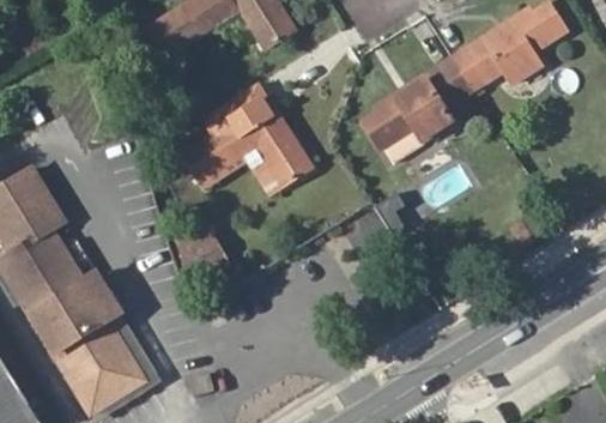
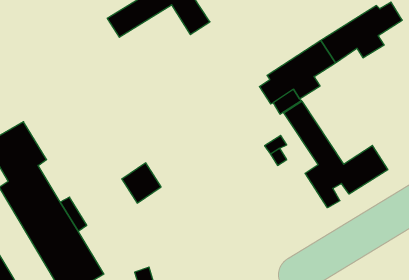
building: [187,83,313,186] -> none
building: none -> [284,101,388,208]

